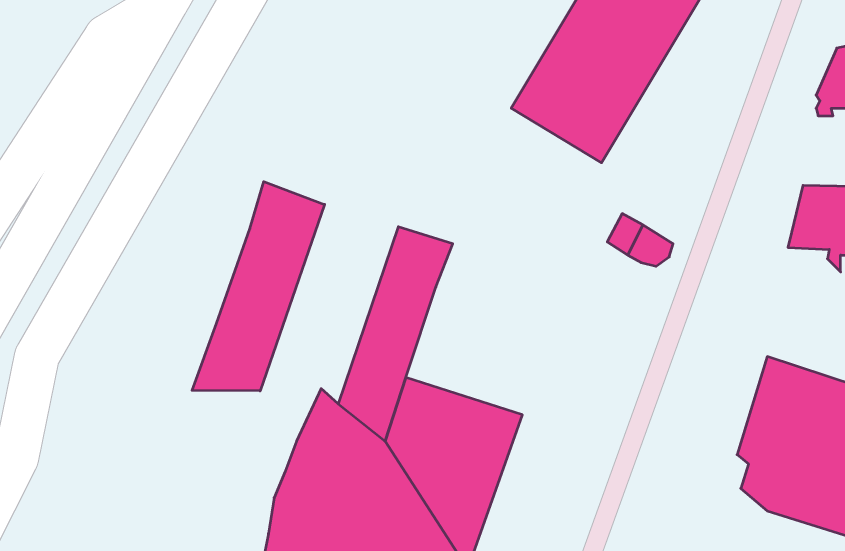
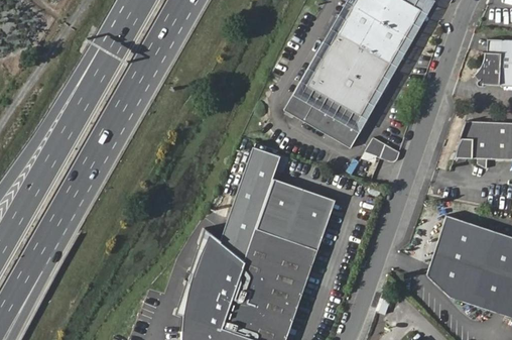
building: none -> [286,78,368,147]
building: [192,182,325,391] -> none
building: none -> [256,178,335,246]

